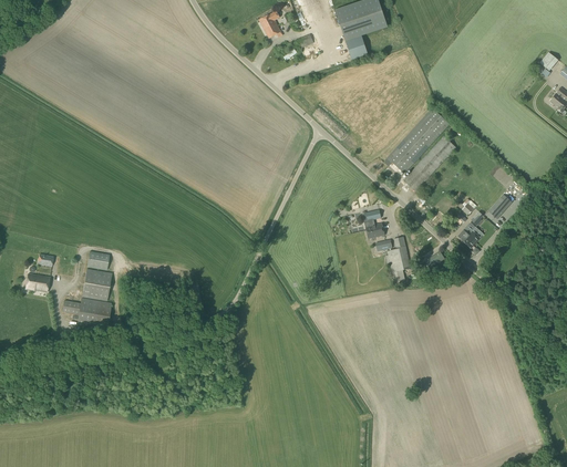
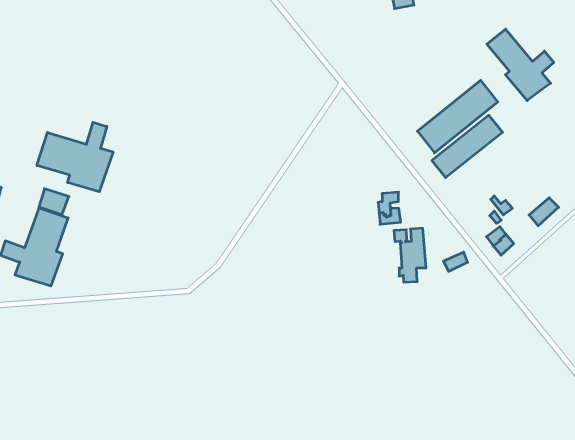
building: none -> [487,29,554,101]
building: none -> [37,122,113,192]

